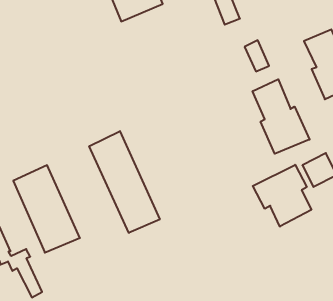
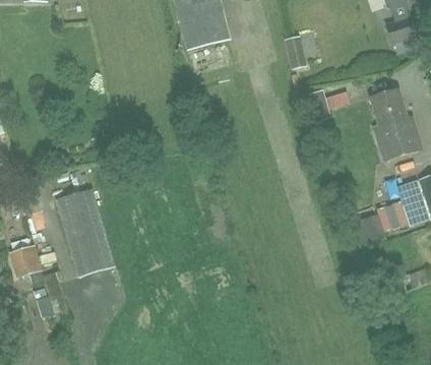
building: [253,79,310,154] -> none
building: [89,131,160,233] -> none
building: [253,165,311,227] -> none

